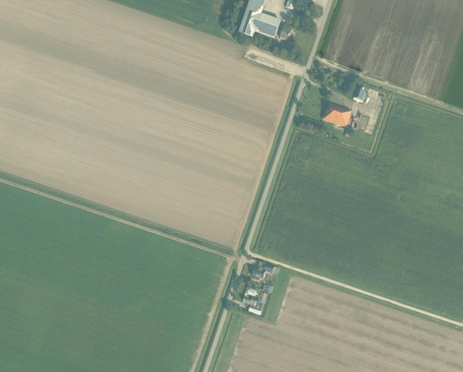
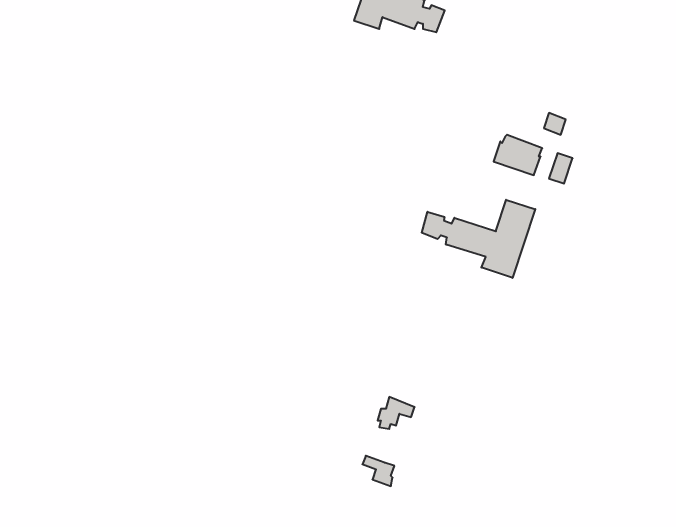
building: none -> [422,200,535,278]

